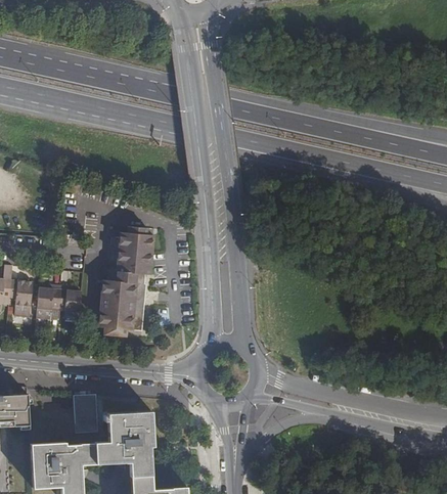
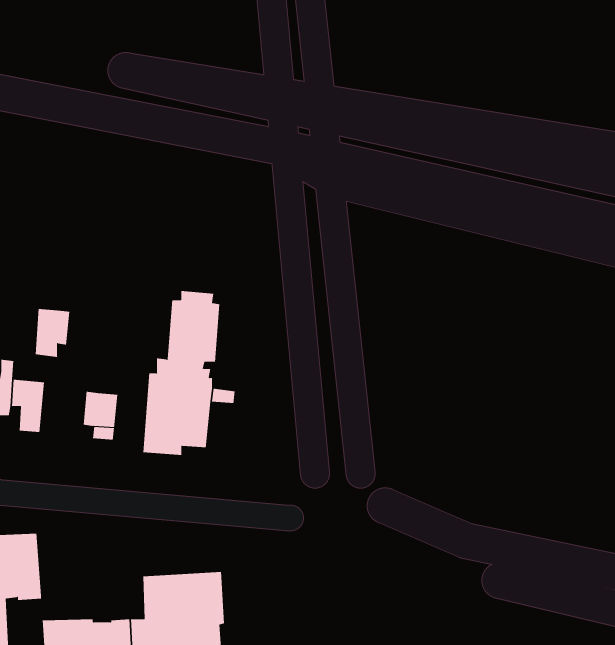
building: [37,288,60,321] -> [35,309,70,357]
building: [74,395,99,434] -> none

